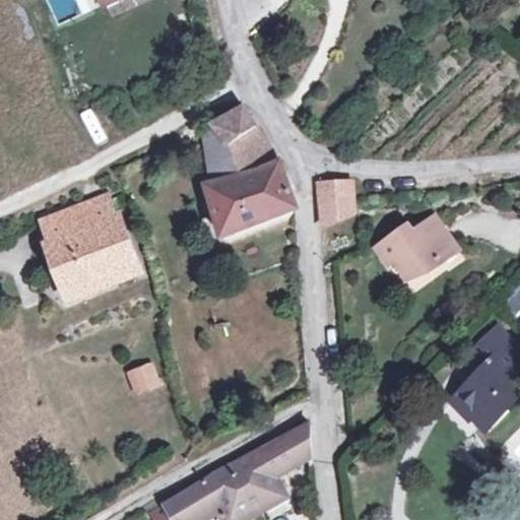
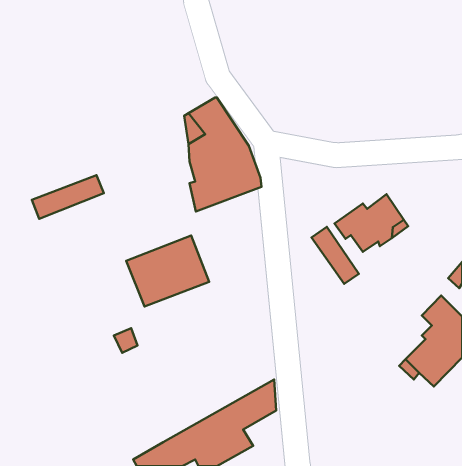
building: [316,181,351,225] -> none
building: [44,215,136,295] -> [126,235,209,307]
building: none -> [311,227,359,284]

